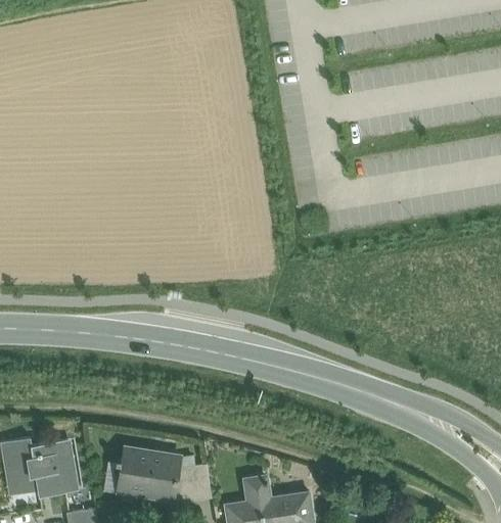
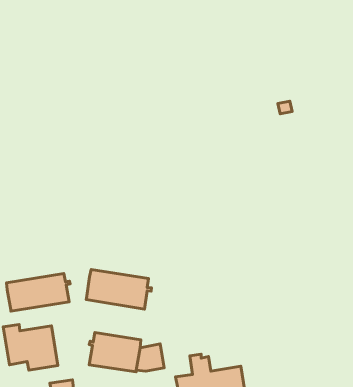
building: none -> [86,269,151,309]
building: none -> [6,273,70,311]

